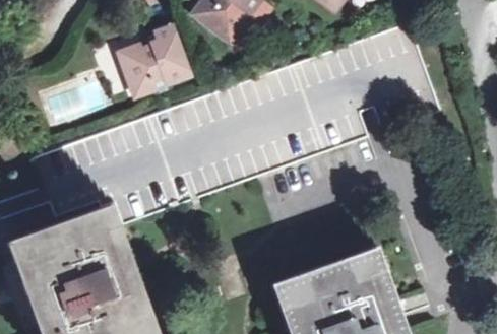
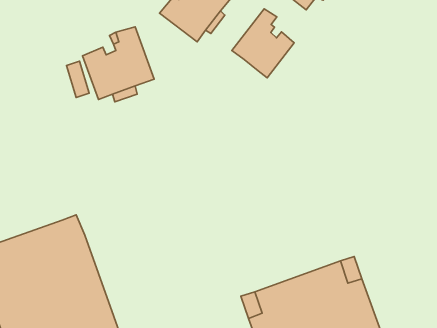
building: none -> [232,9,294,78]

